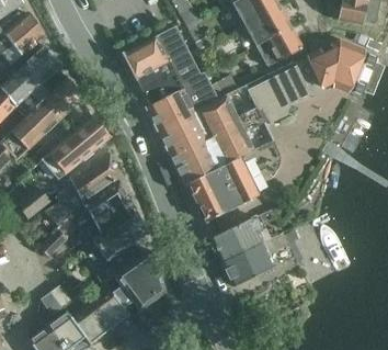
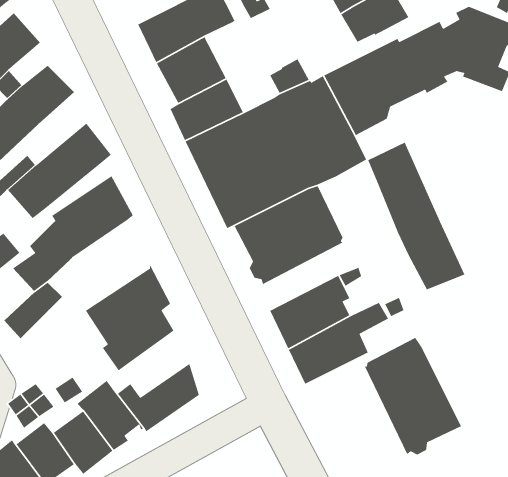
building: [169,52,214,110] -> none
building: none -> [367,141,466,290]
building: [84,180,134,238] -> none
building: [114,250,159,294] -> none
building: none -> [364,337,462,455]

